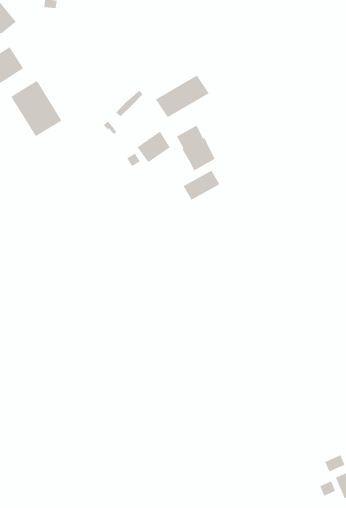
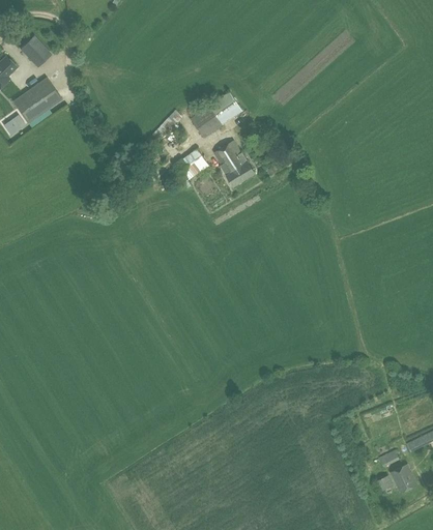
building: [10,80,63,137] -> none
building: [183,170,220,201] -> none

